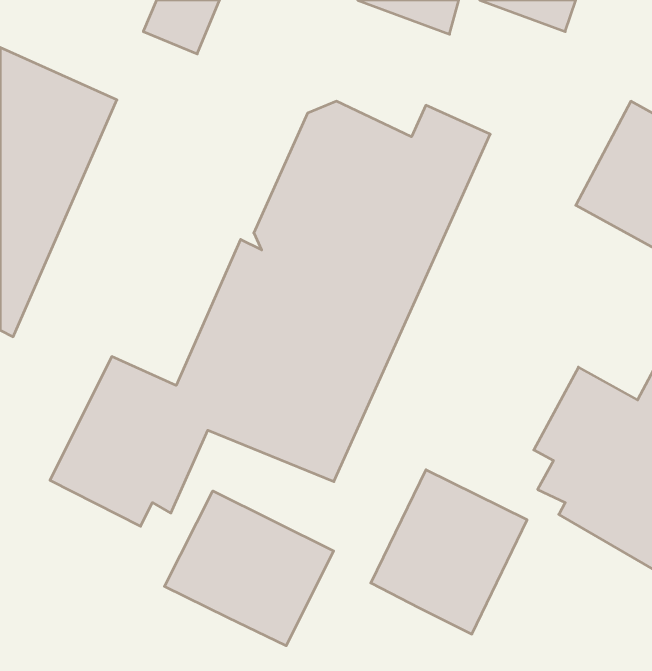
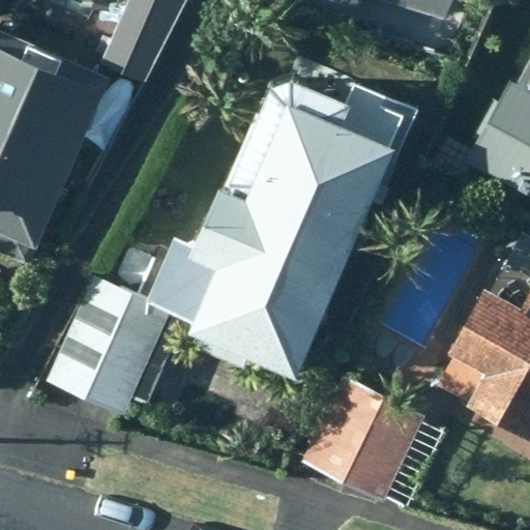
building: [164,491,334,646] -> none

